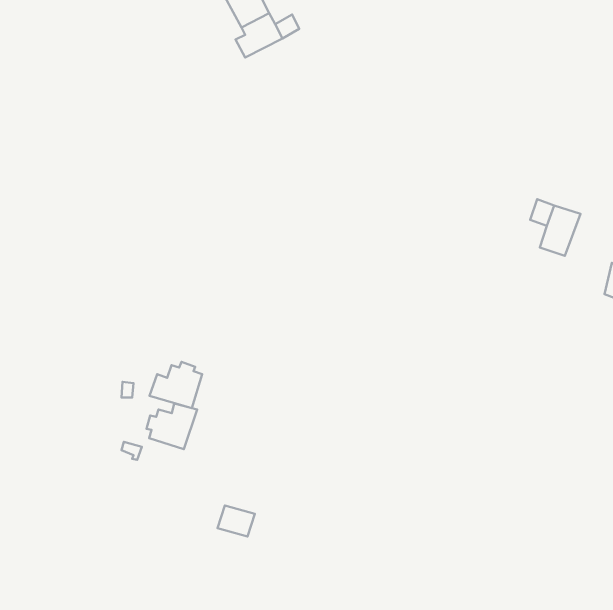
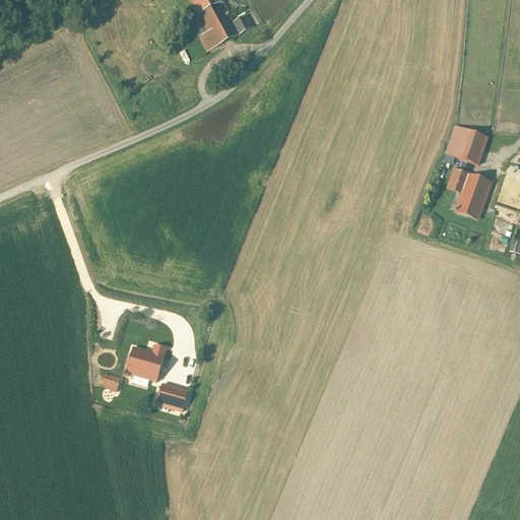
building: none -> [446,125,488,164]
building: [149,362,202,408] -> none
building: [217,505,255,537] -> [157,383,189,409]

